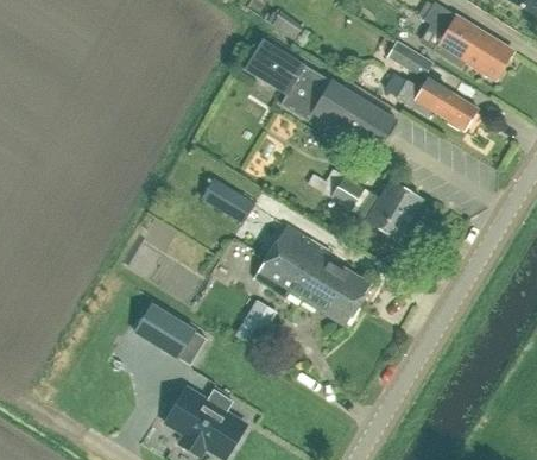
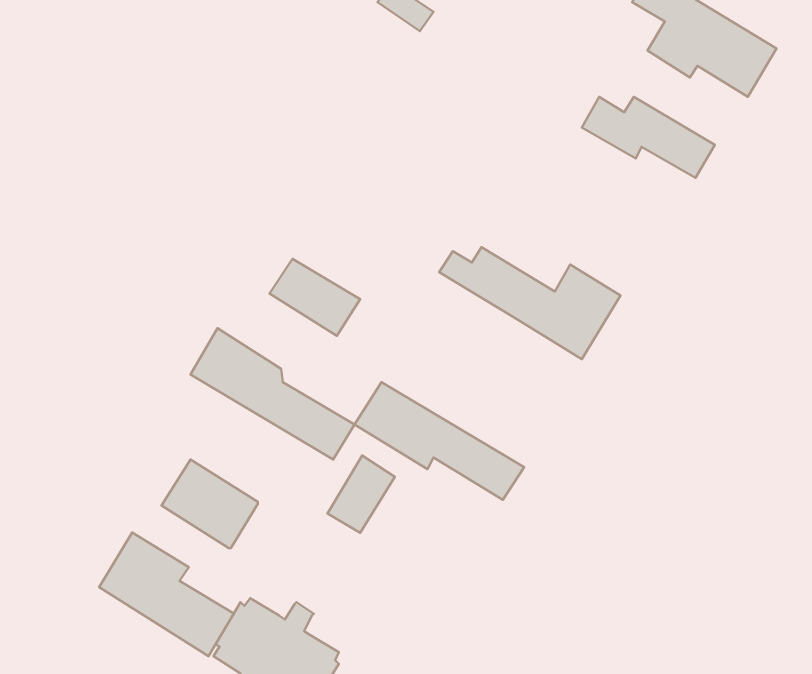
building: [245,38,396,149] -> none
building: [387,39,434,78] -> none
building: [270,225,371,305] -> [190,328,354,459]
building: none -> [99,533,234,656]

